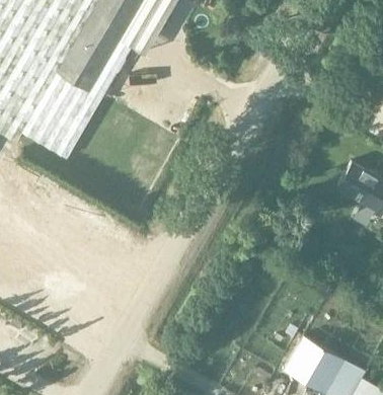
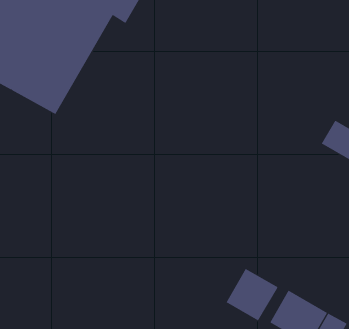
building: none -> [226,268,278,321]

